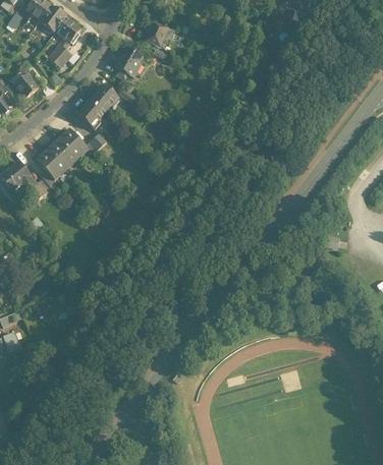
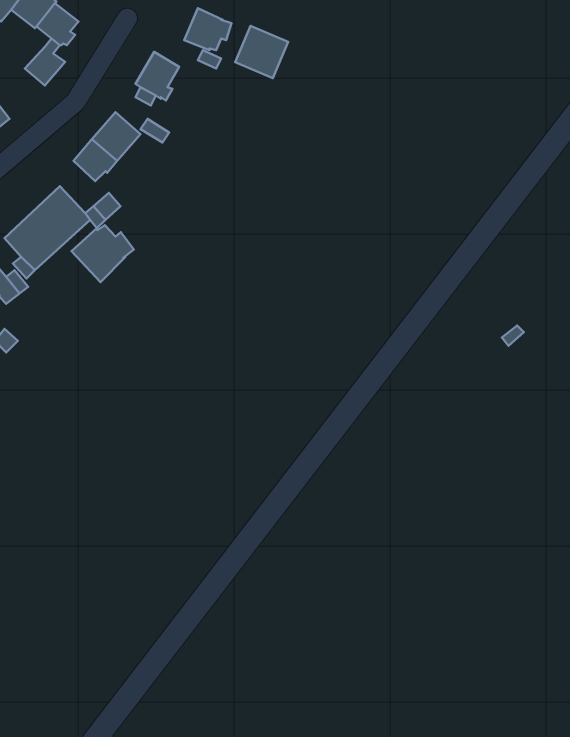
building: none -> [235,26,288,78]
building: none -> [71,225,134,282]

